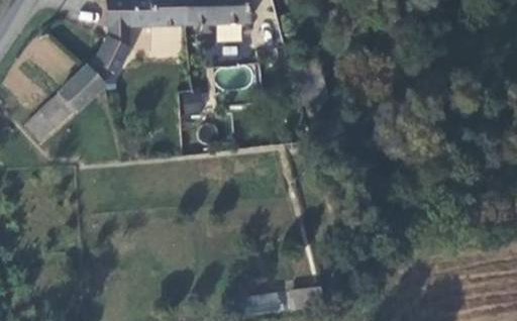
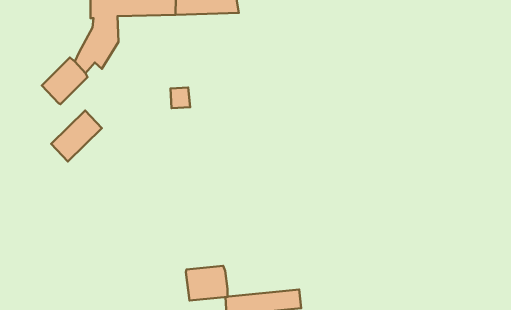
building: [25,93,75,142] -> [51,111,102,161]
building: none -> [186,266,228,300]

